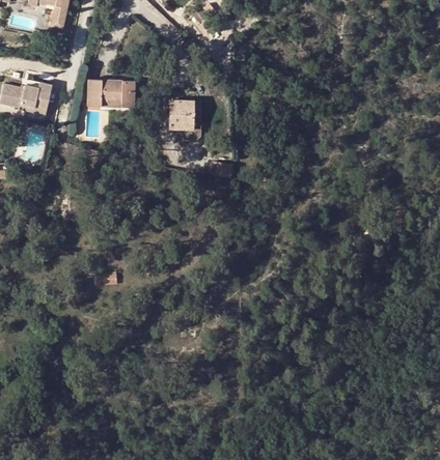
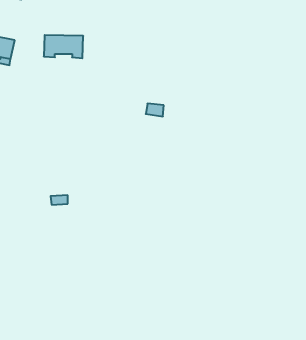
building: [169,99,194,131] -> none

